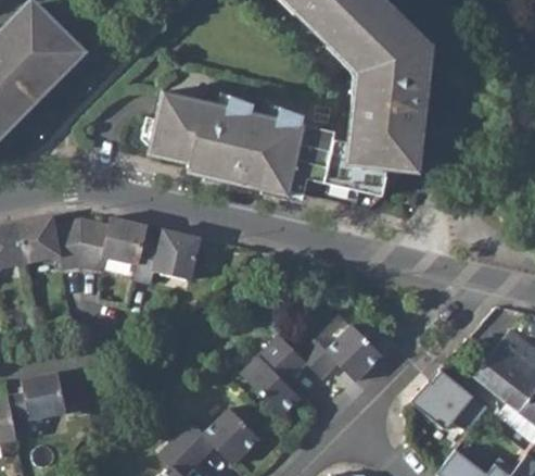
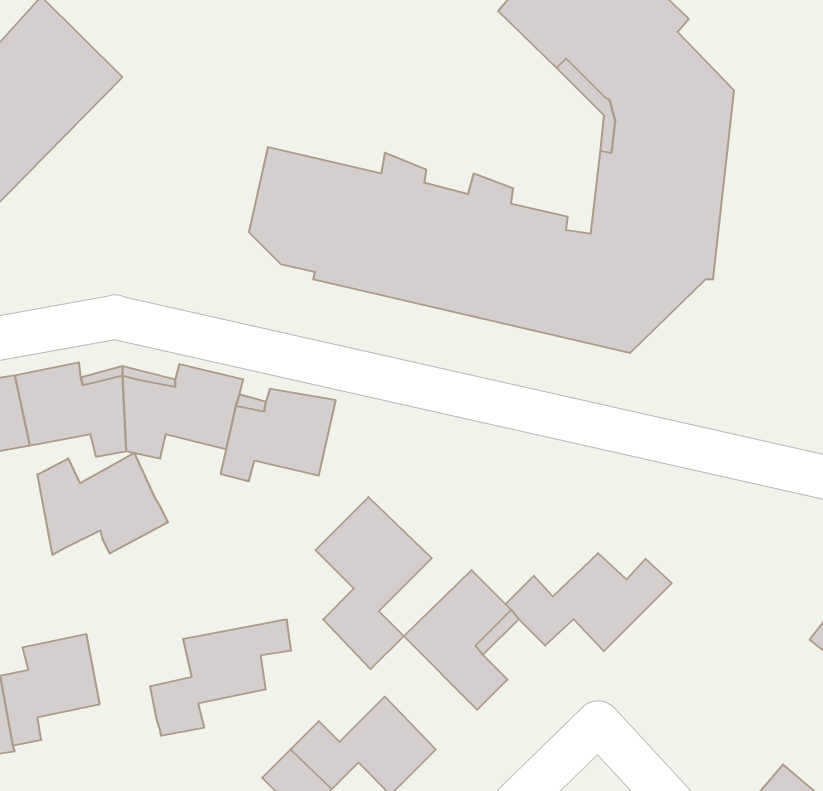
building: none -> [37,453,168,555]
building: none -> [315,497,432,669]
building: none -> [150,619,291,736]
building: [416,369,474,428] -> none

